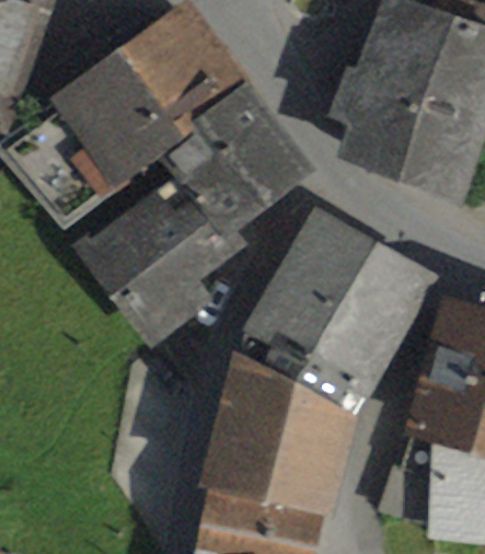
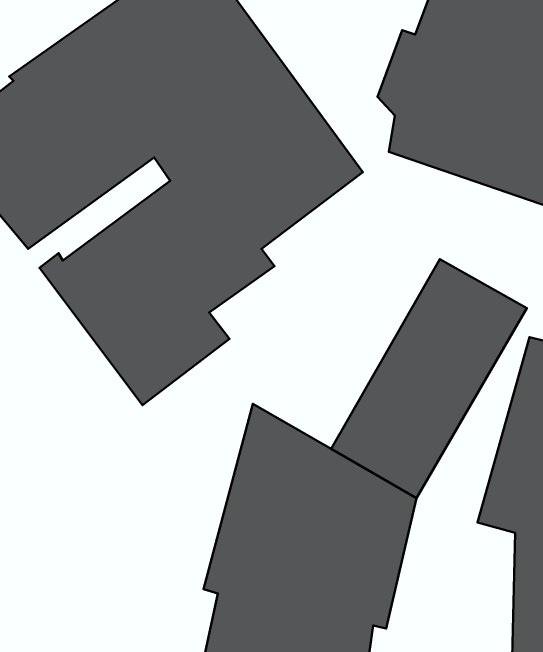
building: [233,205,374,381] -> none

